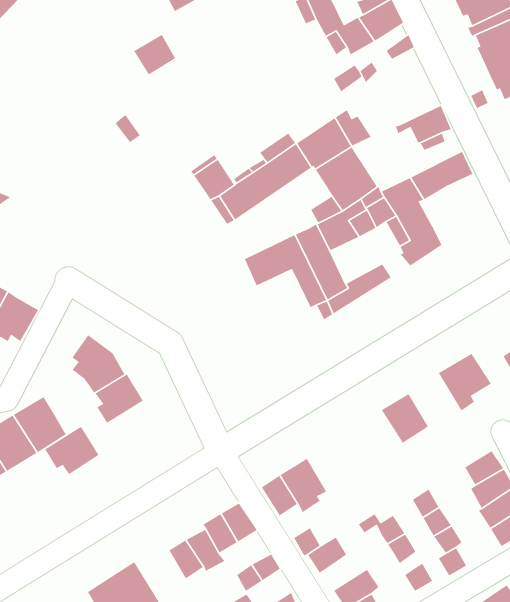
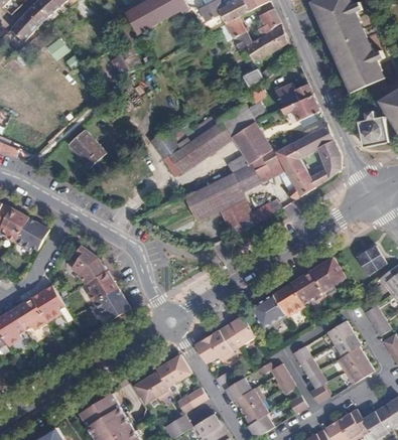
building: none -> [274,84,312,108]
building: none -> [70,126,107,164]
building: none -> [308,140,341,186]
building: none -> [290,270,325,303]
building: none -> [251,293,287,330]
building: [44,426,100,475] -> [94,288,130,320]
building: none -> [225,314,256,347]
building: none -> [235,386,264,412]

